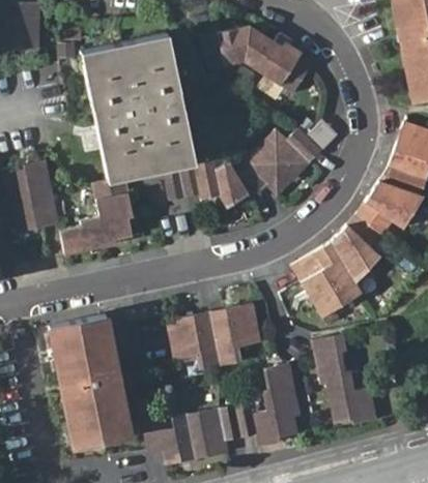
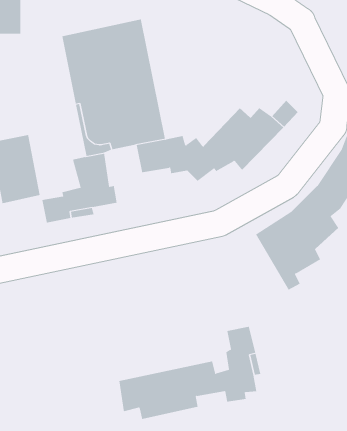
building: [203,25,312,94] -> none
building: [168,302,262,368] -> none
building: [51,315,132,448] -> none
building: [312,334,378,423] -> none

